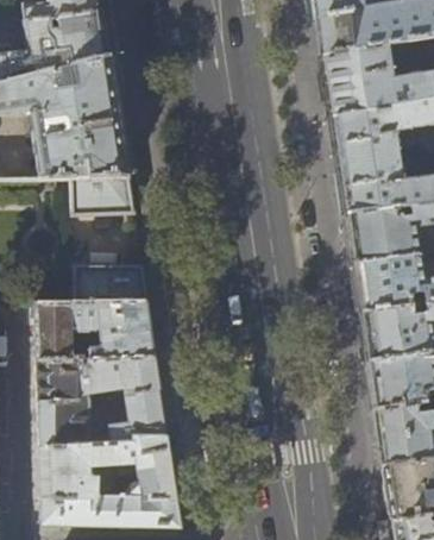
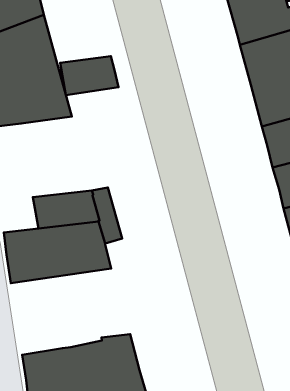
building: [69,178,133,218] -> [60,56,119,95]
building: [36,359,166,447] -> none

